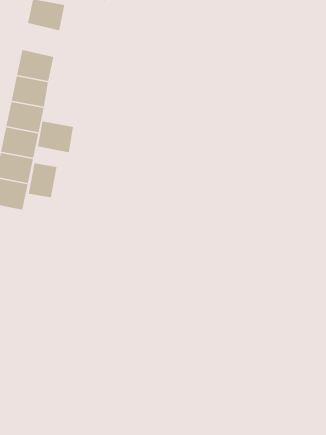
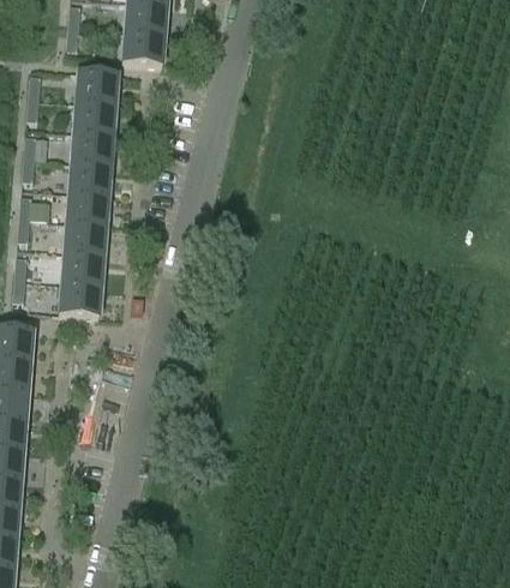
building: none -> [74,98,115,132]
building: [37,120,74,153] -> none
building: [28,163,58,198] -> none

